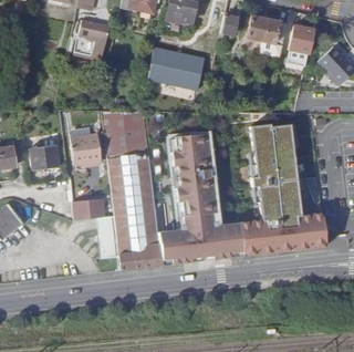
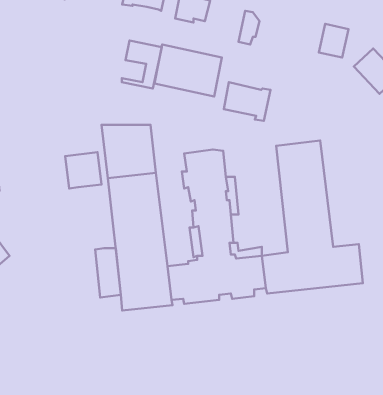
building: [247,14,287,48] -> [224,82,270,121]
building: [74,19,108,60] -> [122,41,162,89]
building: [30,144,59,169] -> none
building: [71,197,104,219] -> none

